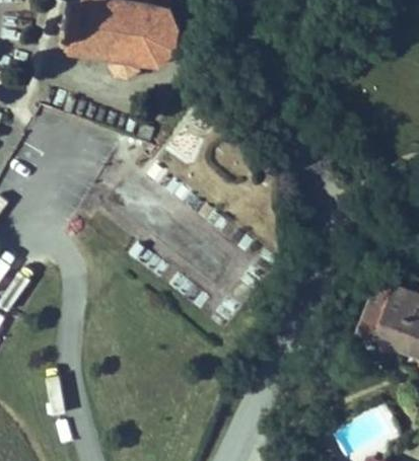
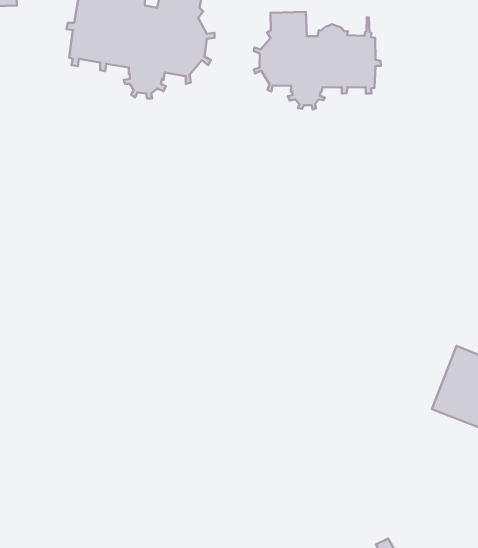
building: none -> [254,12,381,110]

